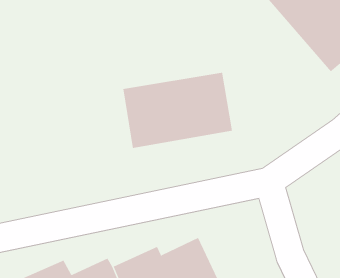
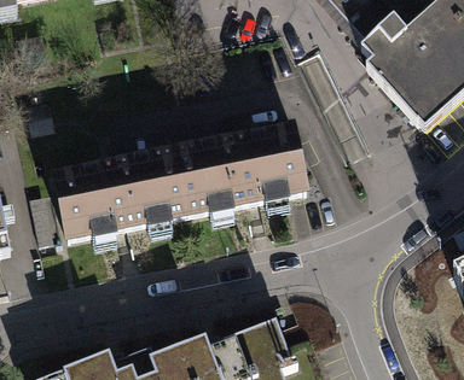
building: none -> [51,145,179,239]

